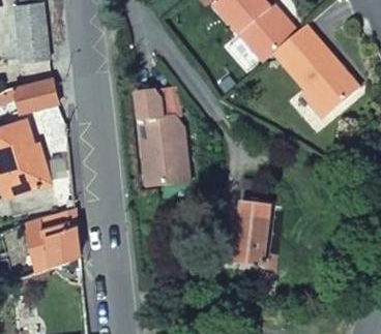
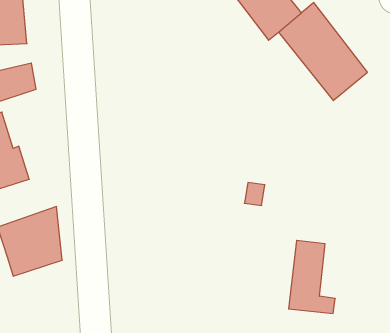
building: [133,78,181,174] -> none
building: [235,209,277,275] -> [289,240,335,313]

